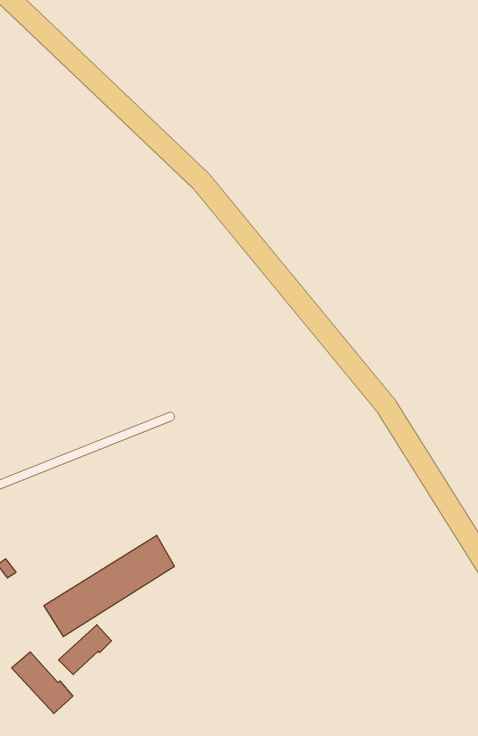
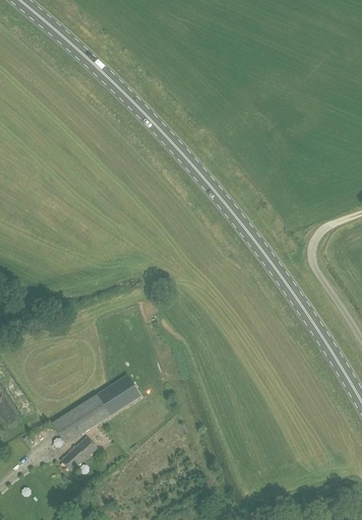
building: [12,652,73,714] -> none

